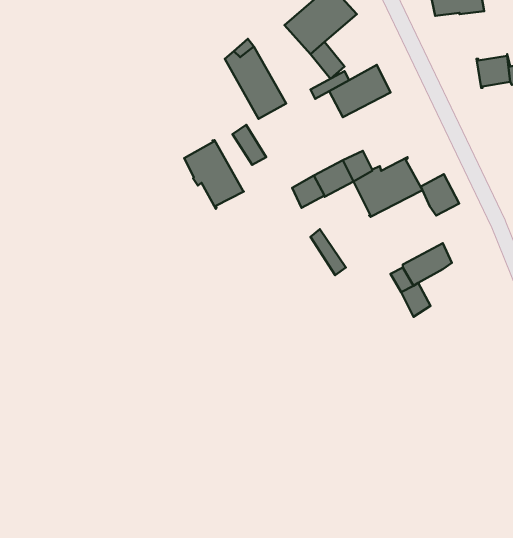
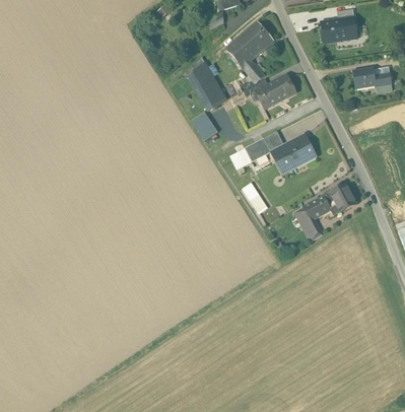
building: [184,140,244,209] -> none
building: [421,174,459,216] -> [331,183,356,210]

